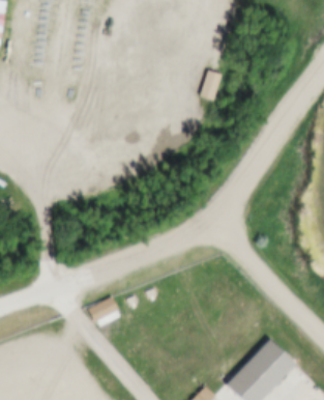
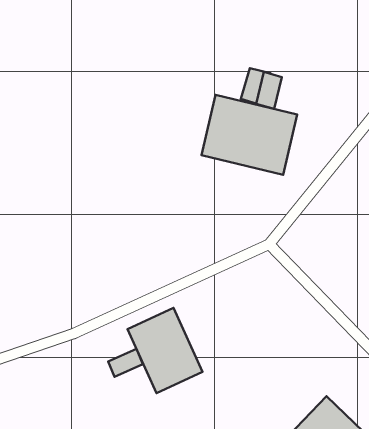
building: none -> [202,95,297,175]
building: none -> [127,308,203,393]

